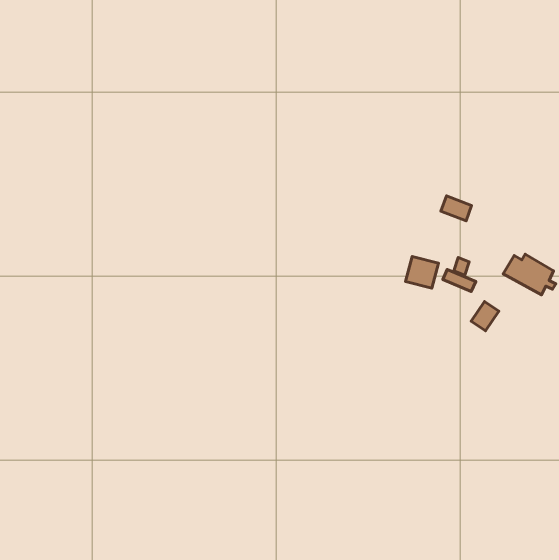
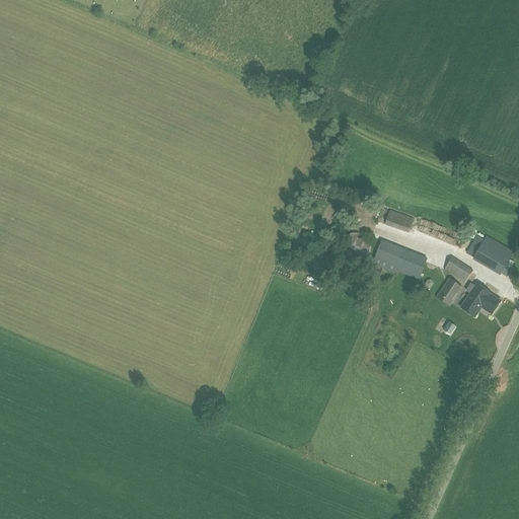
building: [441,196,472,221] -> [384,210,413,233]
building: none -> [443,256,472,283]
building: none -> [460,284,500,317]

